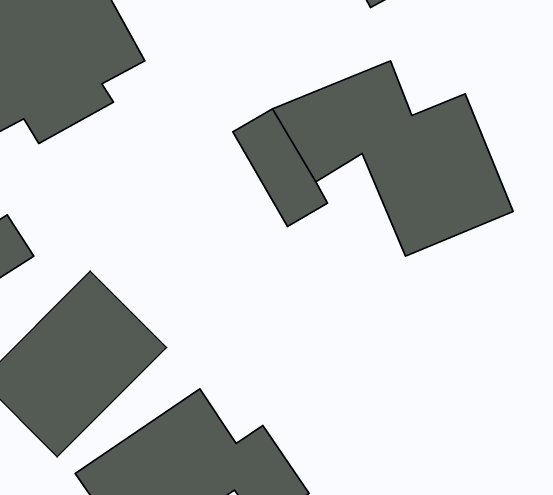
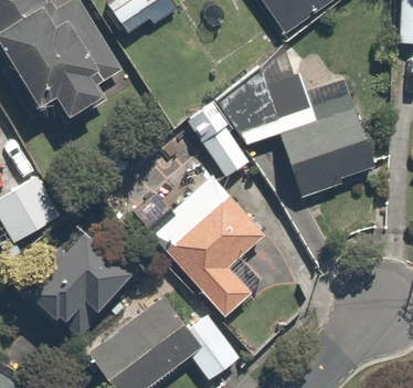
building: none -> [147,174,264,315]

